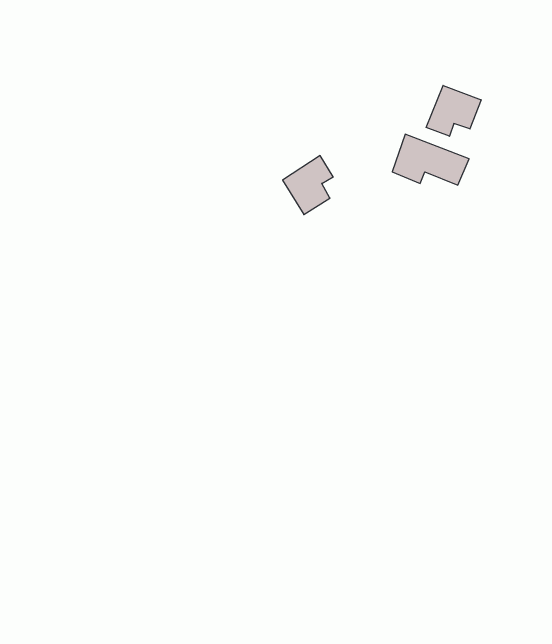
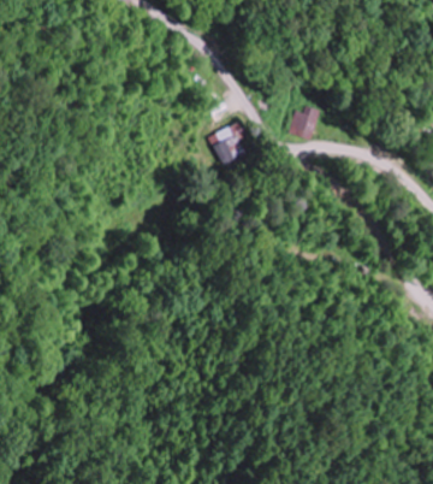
building: [426,85,481,136] -> none

